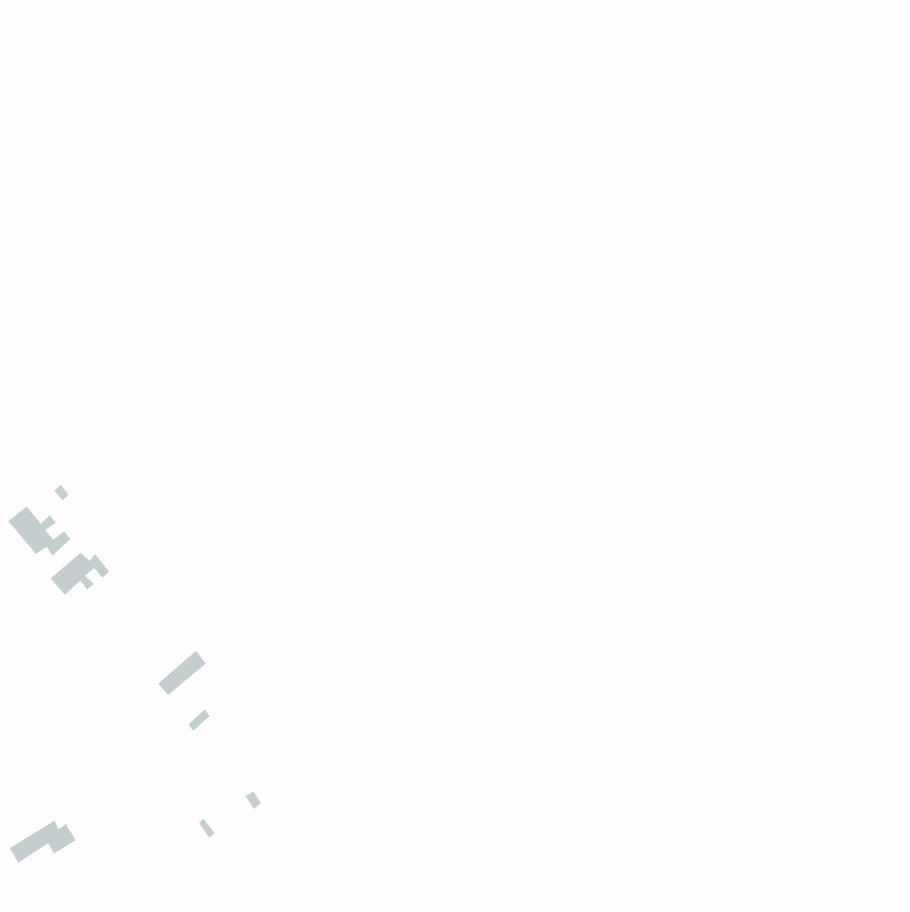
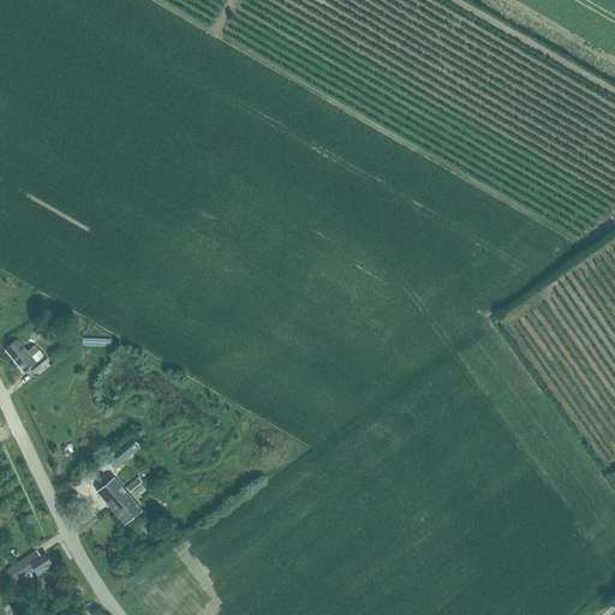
building: [50,552,110,595] -> none
building: none -> [98,478,142,524]

